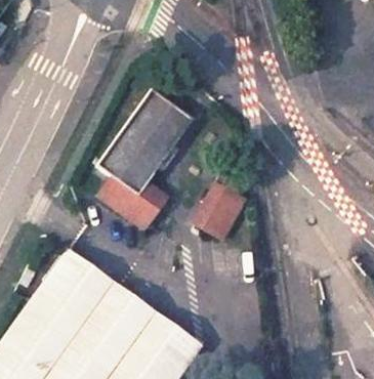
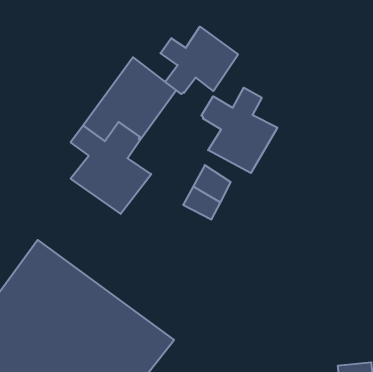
building: none -> [160,27,238,94]
building: none -> [201,88,277,173]

